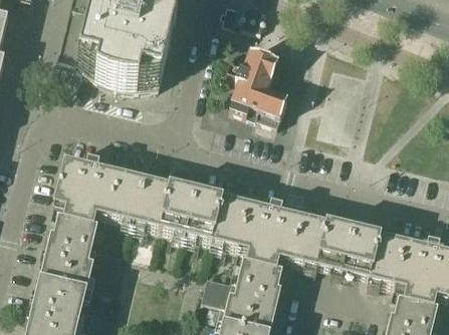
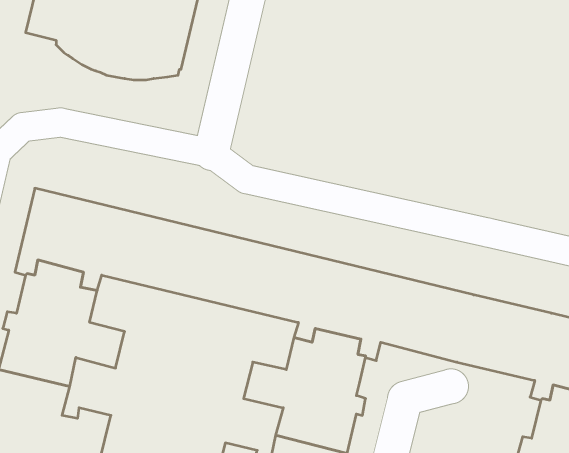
building: [234,48,292,123] -> none

